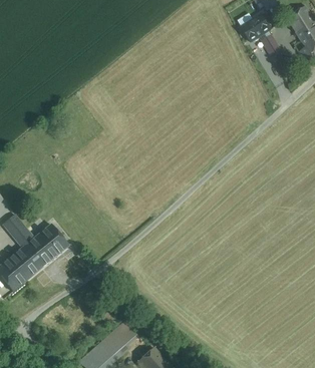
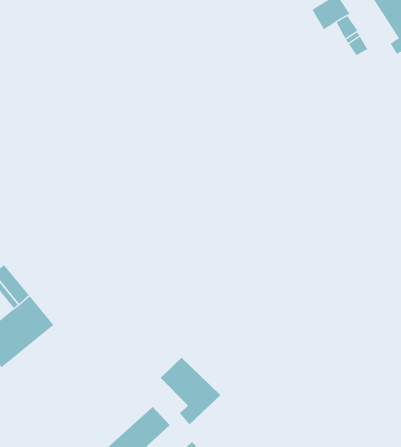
building: [32,224,67,260] -> none
building: none -> [160,357,221,425]

